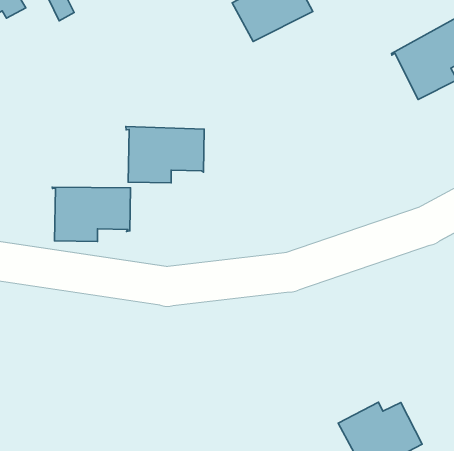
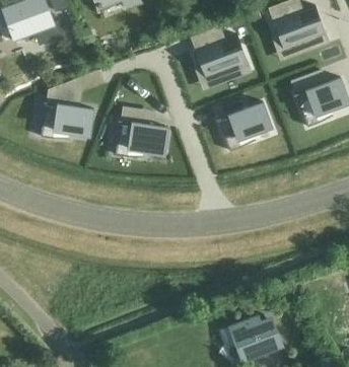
building: none -> [215,101,272,151]
building: [52,187,130,242] -> [41,101,93,140]

